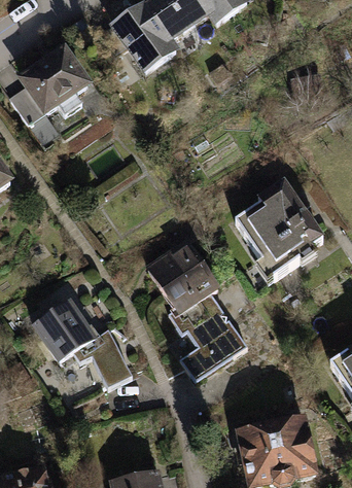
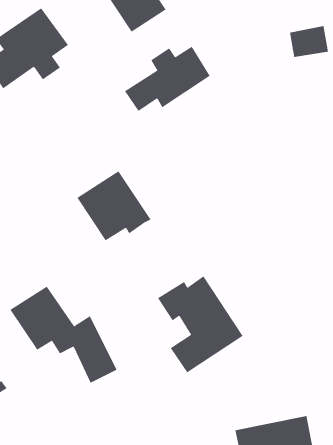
building: none -> [124,46,210,112]
building: [234,180,321,278] -> none
building: [148,243,216,307] -> [77,171,152,241]

